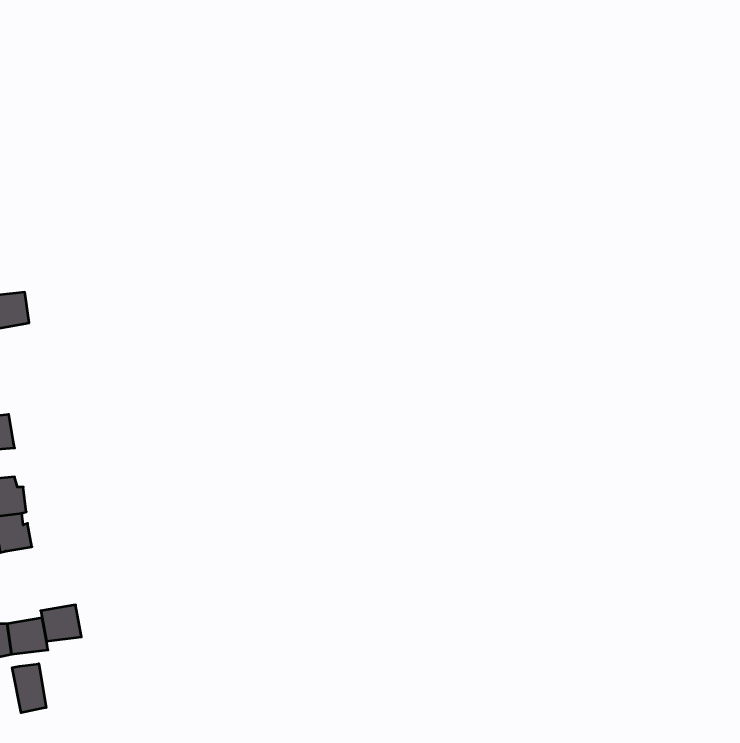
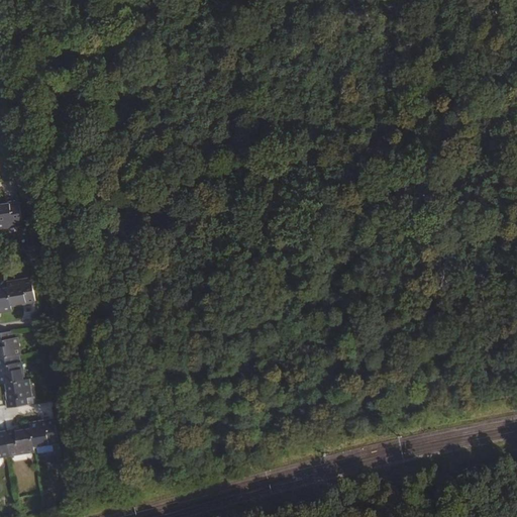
building: none -> [6,280,33,306]
building: none -> [4,380,29,407]
building: [12,664,46,713] -> none

